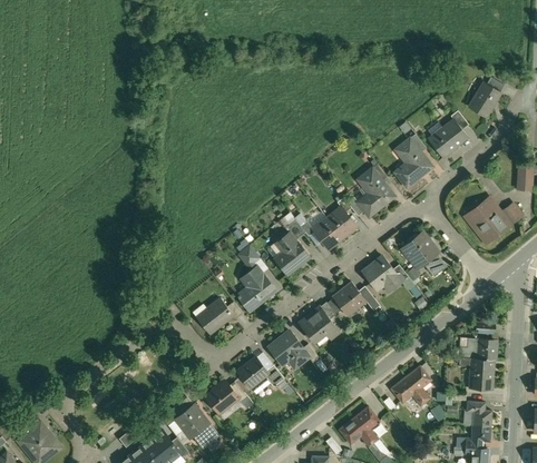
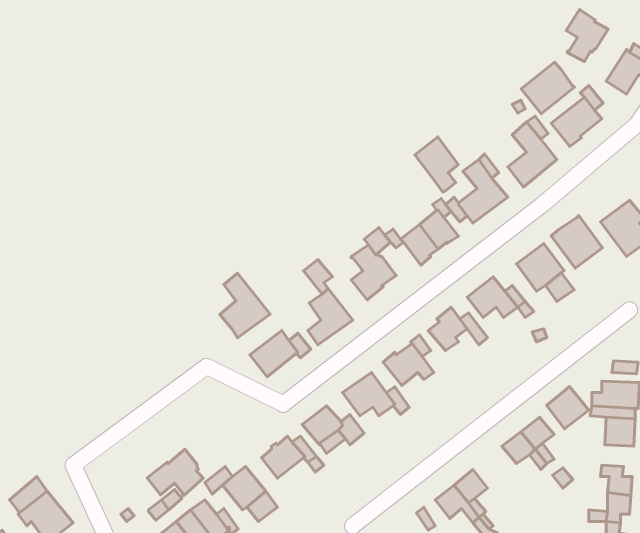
building: none -> [566,9,608,62]
building: none -> [521,62,574,114]
building: none -> [415,137,458,192]
building: none -> [551,215,603,268]
building: none -> [220,273,270,338]
building: none -> [547,386,589,429]
building: none -> [147,449,203,495]

